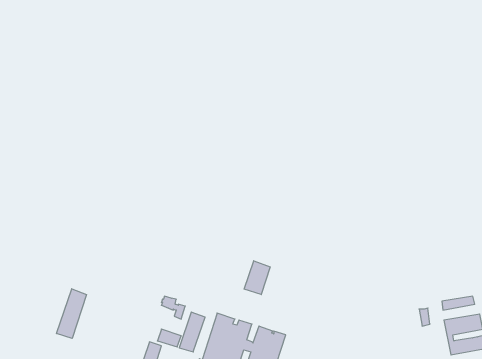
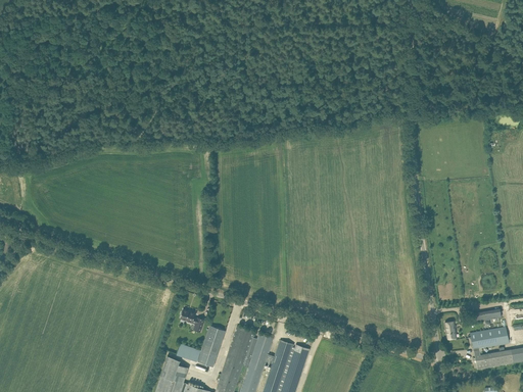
building: [244,261,270,295] -> none
building: [57,289,87,338] -> none

